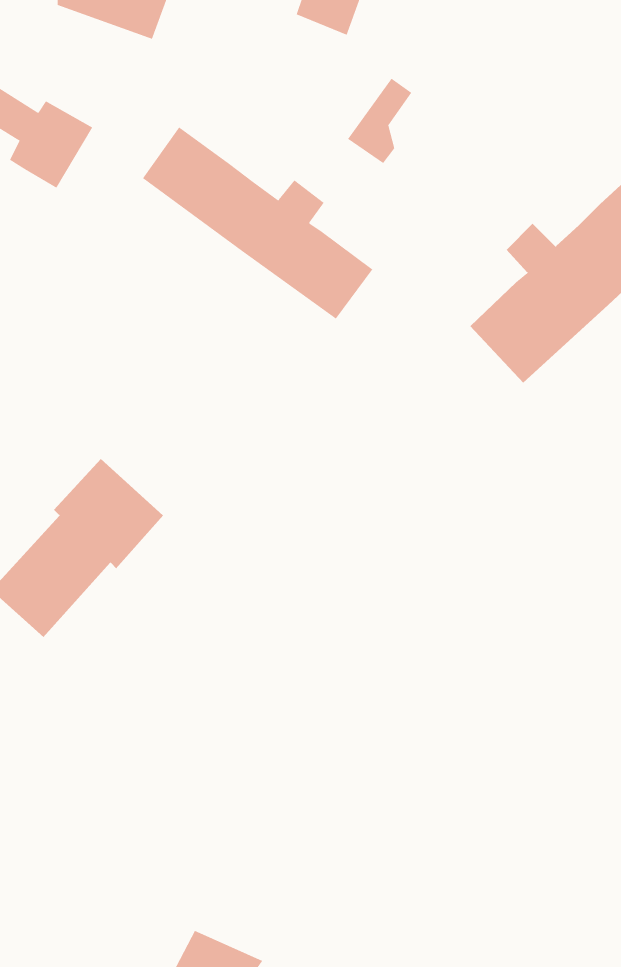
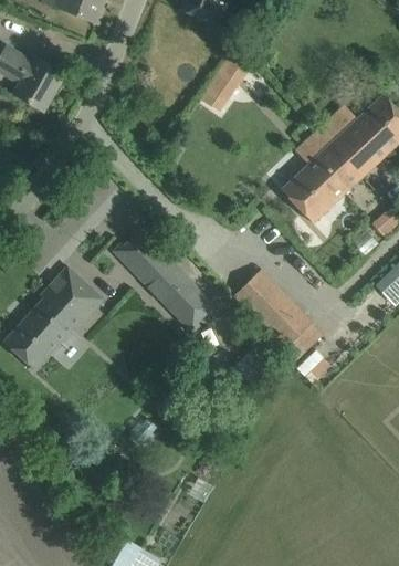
building: [142,127,373,319] -> none
building: none -> [113,228,217,334]
building: none -> [231,270,315,353]

